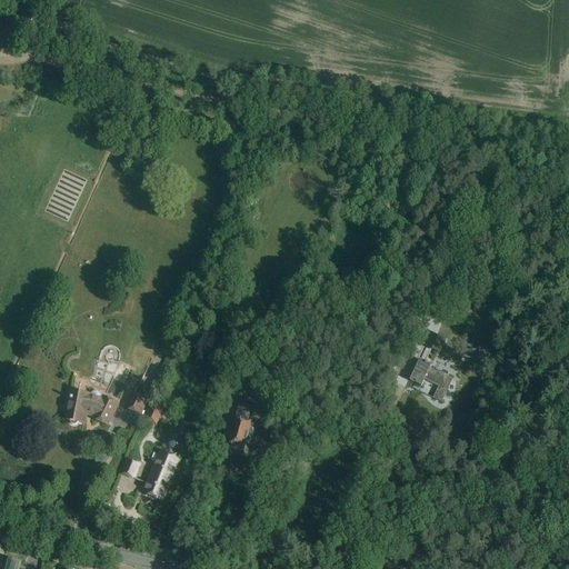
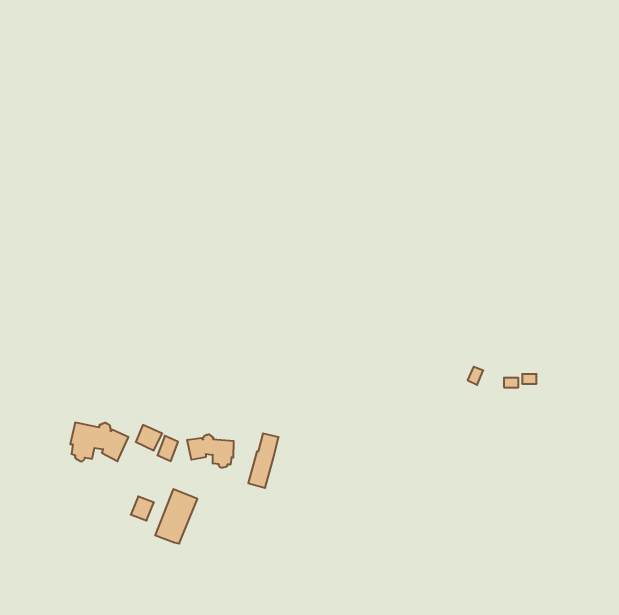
building: [410,358,452,400] -> none
building: none -> [187,434,234,468]

